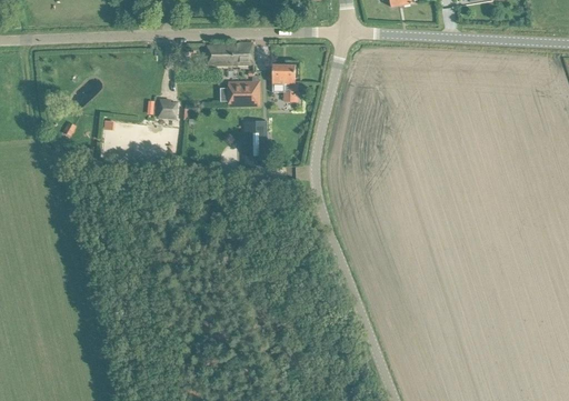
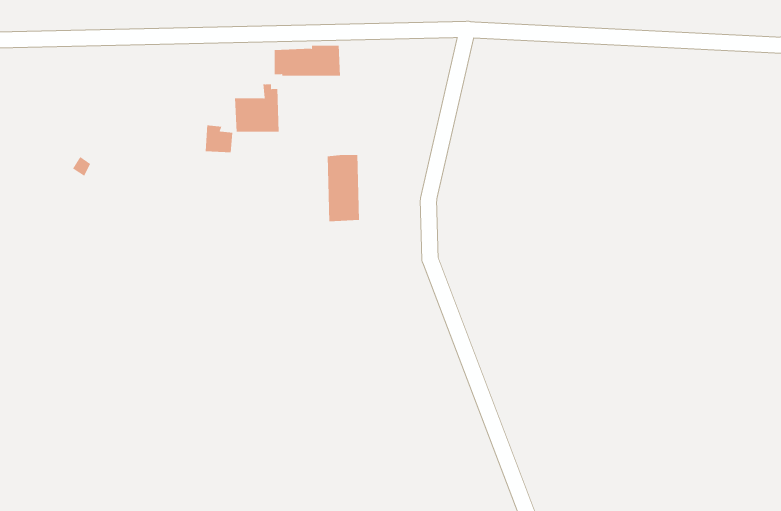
building: [271,63,295,98] -> none
building: [227,70,259,104] -> [234,84,280,132]

